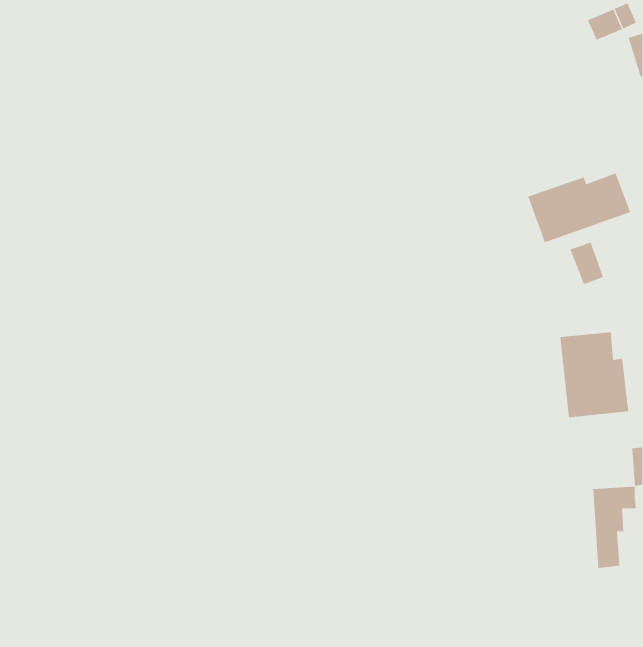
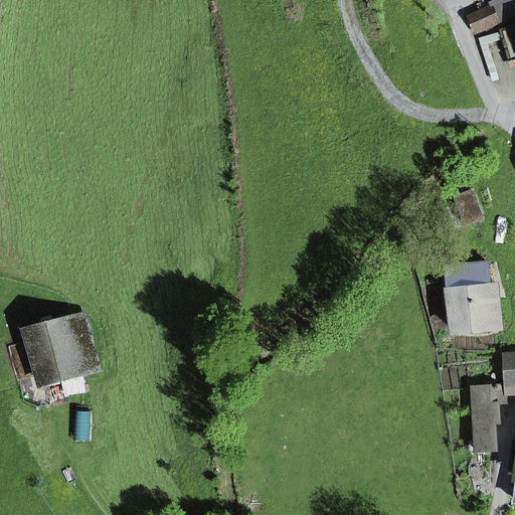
building: [527,172,631,243] -> none
building: none -> [24,317,97,384]

